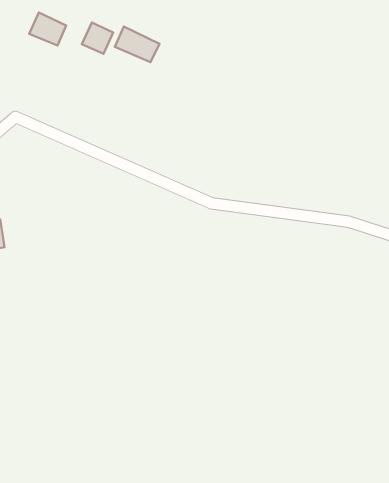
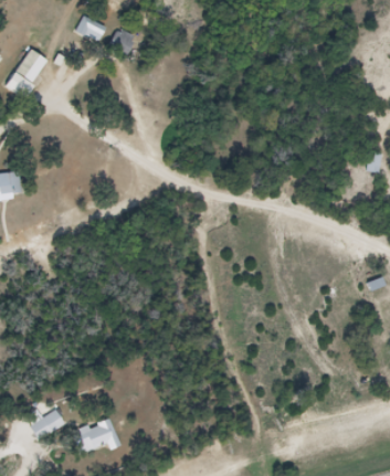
building: [115,26,160,62] -> none

